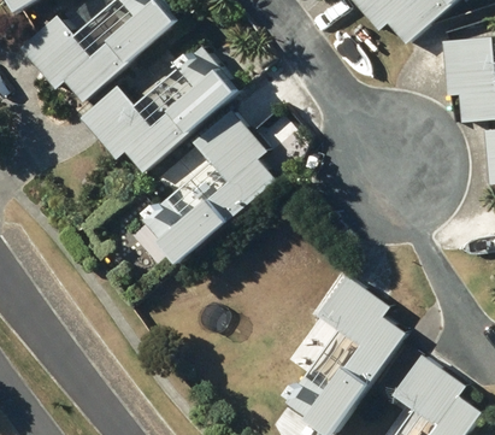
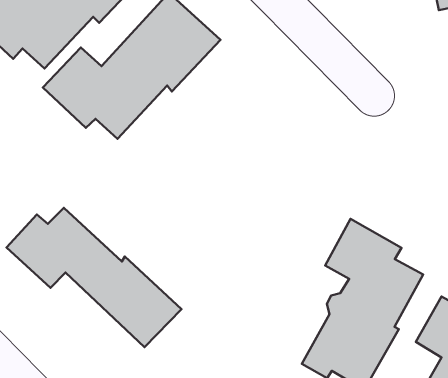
building: [141,111,275,268] -> none
building: none -> [6,208,181,347]

